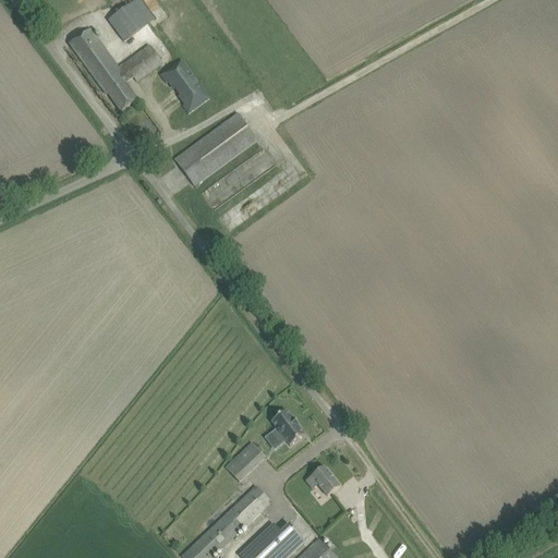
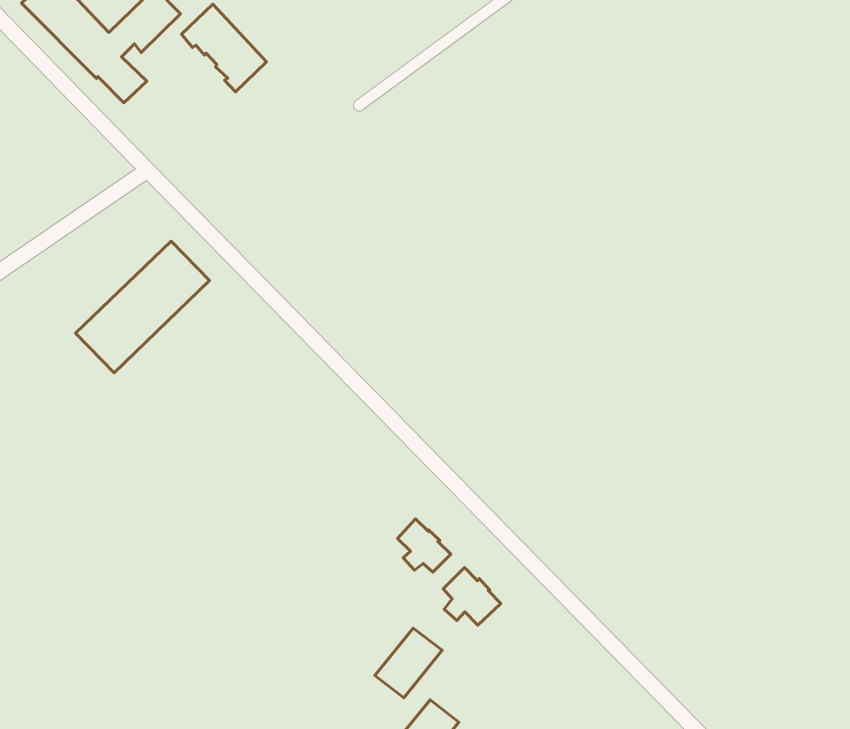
building: [174,112,257,185] -> [76,241,210,373]
building: none -> [398,519,451,572]
building: [305,465,339,496] -> none

